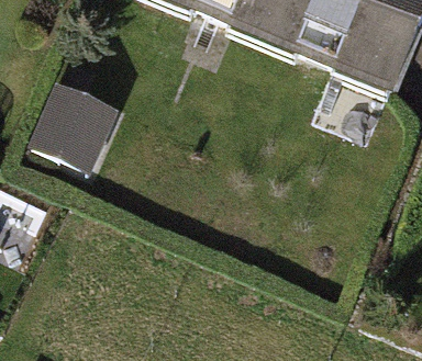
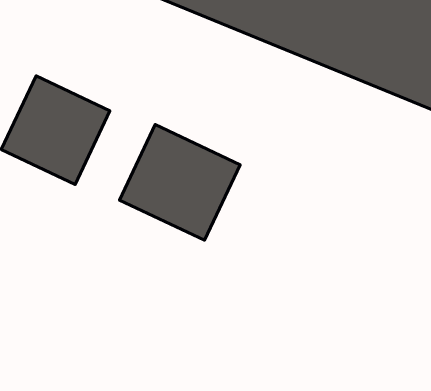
building: none -> [119,125,240,240]

